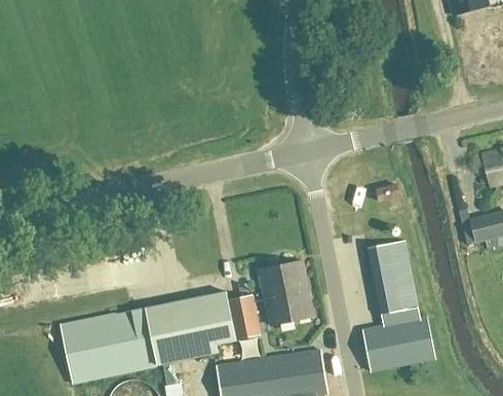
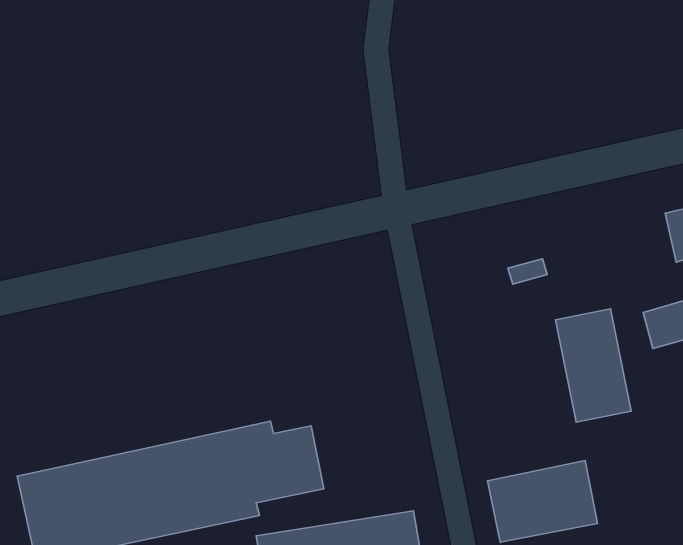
building: [372,241,421,315] -> [556,309,631,422]
building: [260,260,311,323] -> none

